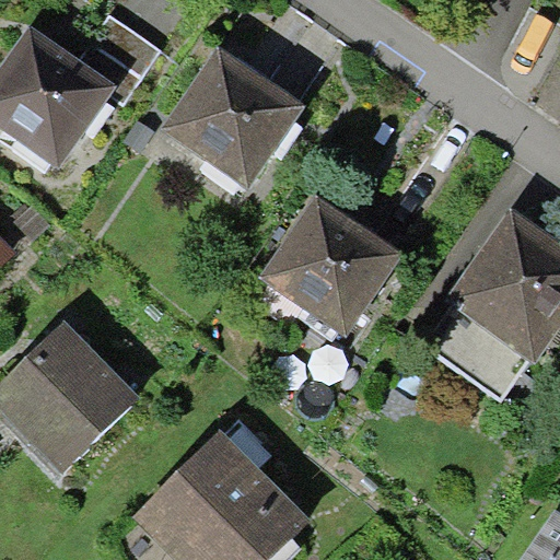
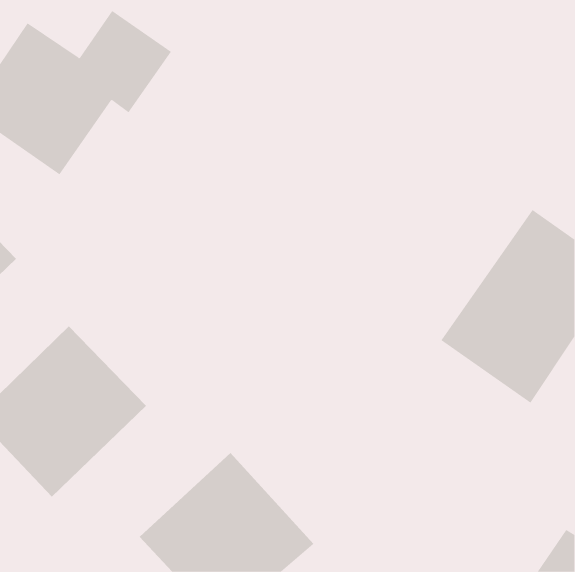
building: [160,47,304,190] -> none
building: [259,197,405,340] -> none

